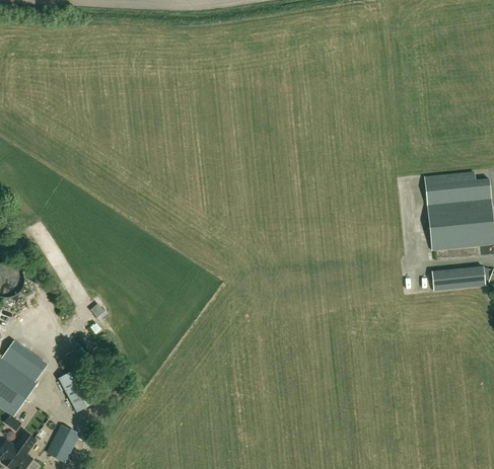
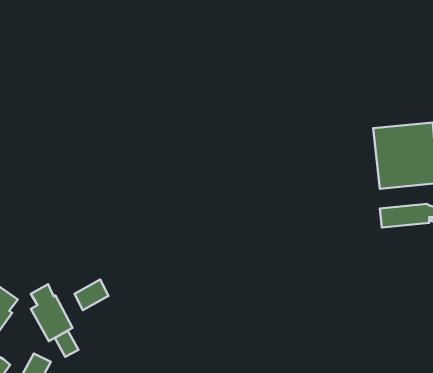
building: none -> [74,280,108,310]
building: none -> [55,331,79,357]

